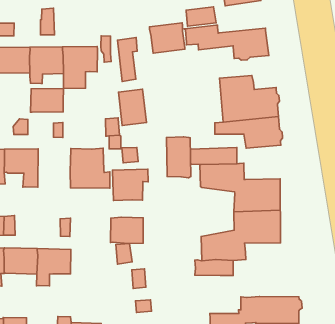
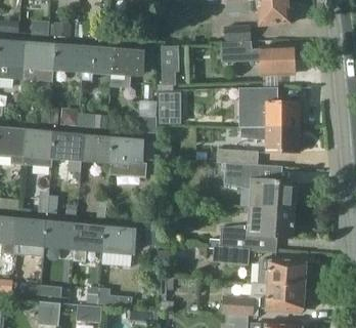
building: [149,23,185,53] -> none
building: [31,89,64,112] -> [81,136,112,159]
building: [166,137,191,178] -> none
building: [113,169,148,201] -> none
building: [110,217,143,243] -> [102,228,133,252]
building: none -> [256,257,305,286]

